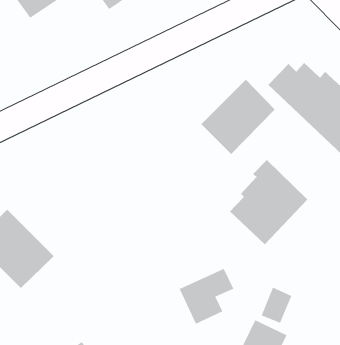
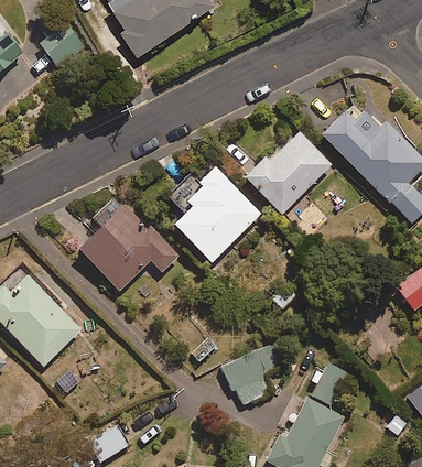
building: none -> [77,197,176,291]
building: [229,159,308,245] -> [171,167,259,263]

